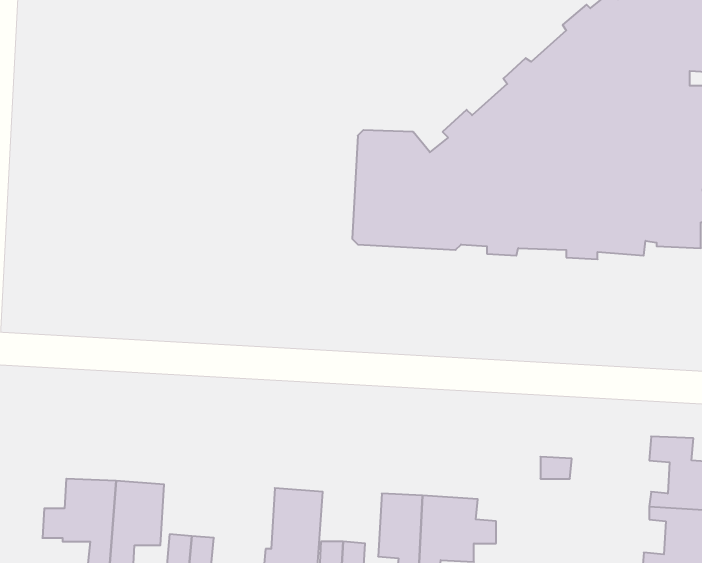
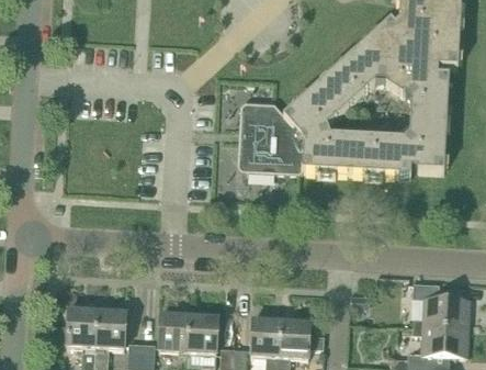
building: none -> [158,311,191,349]

